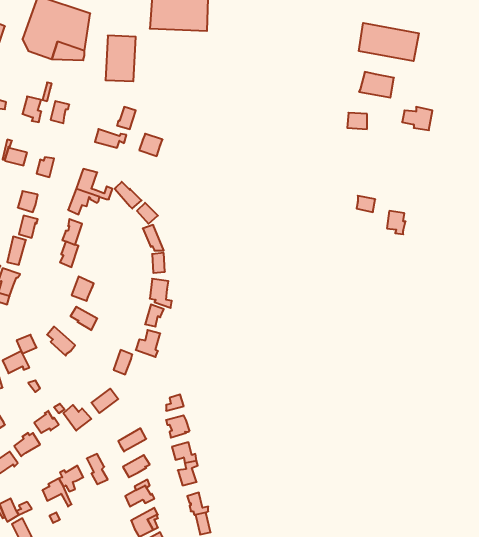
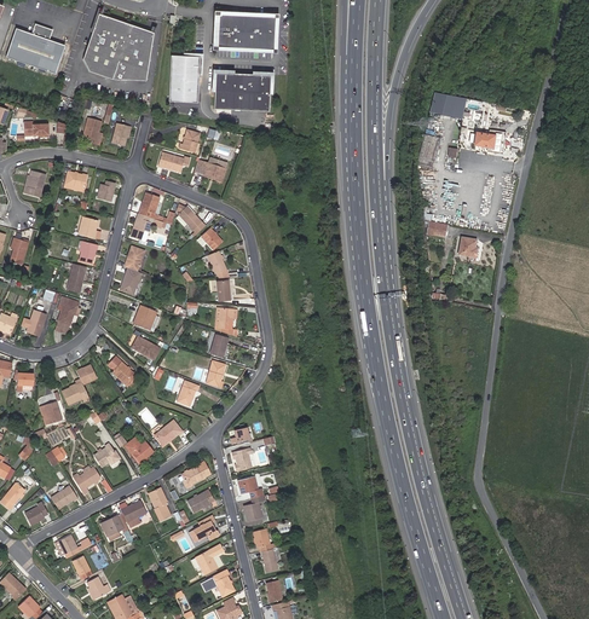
building: [359,23,419,61] -> none
building: none -> [213,74,270,111]

